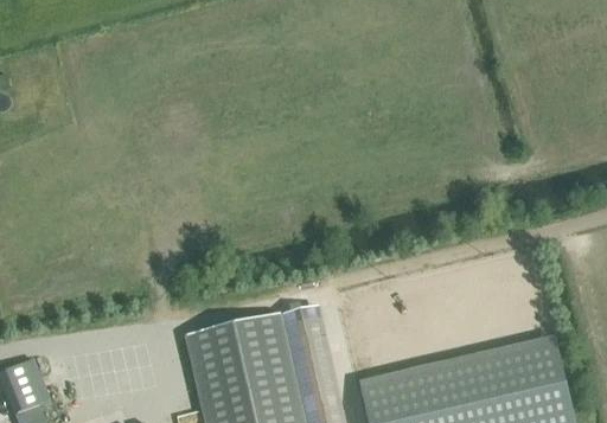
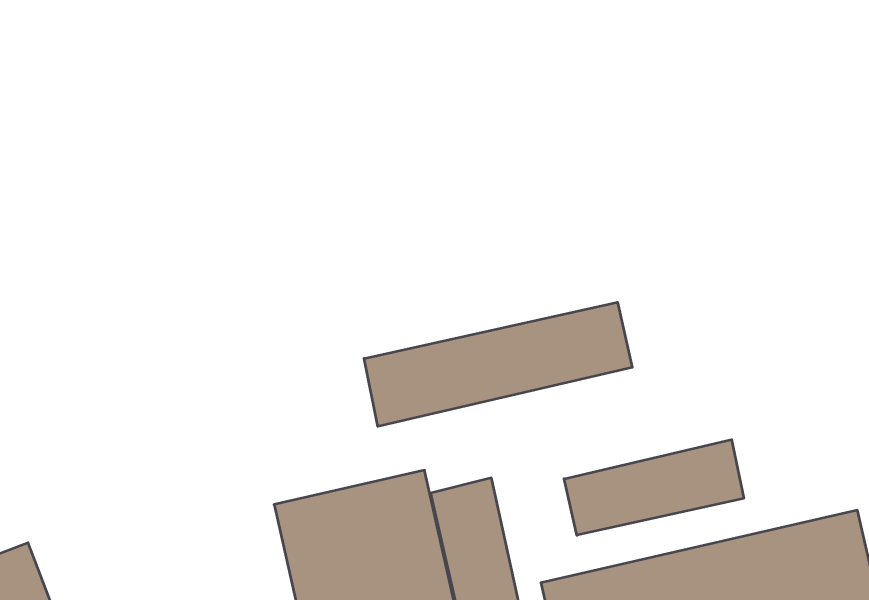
building: none -> [364,302,632,426]
building: none -> [564,440,744,535]

